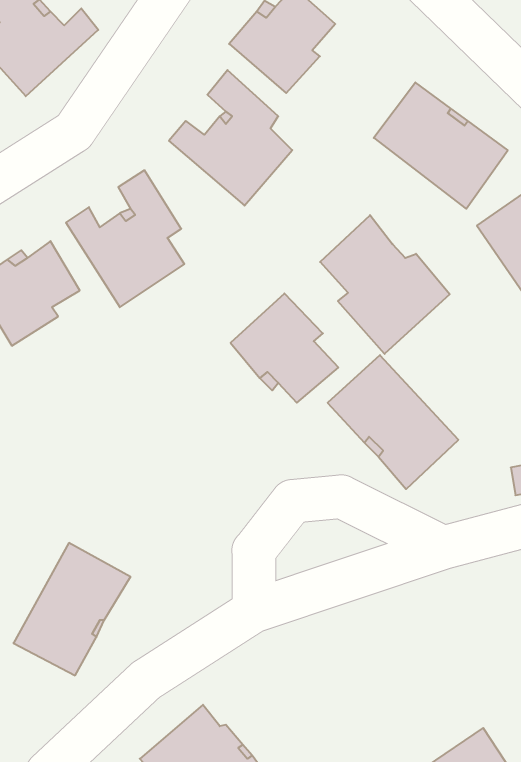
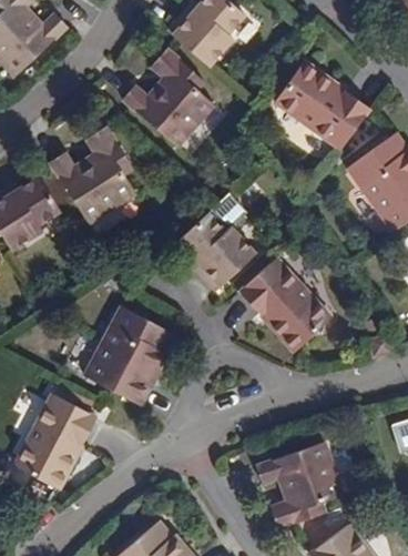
building: [320,215,450,354] -> none
building: none -> [81,304,170,404]
building: none -> [257,441,340,528]

